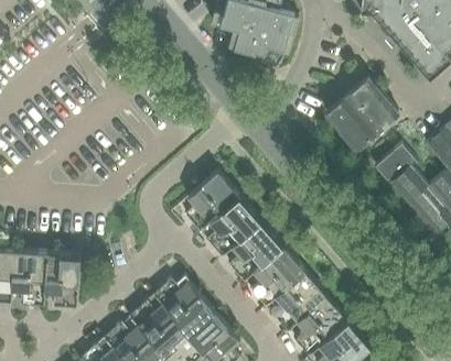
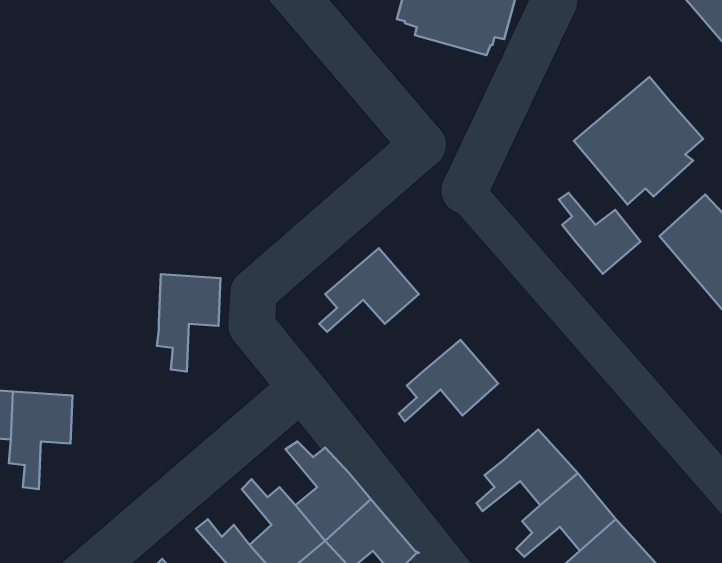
building: none -> [559,193,641,274]
building: [206,198,262,243] -> none
building: [249,248,305,294] -> none
building: [45,254,80,308] -> [157,274,221,372]

